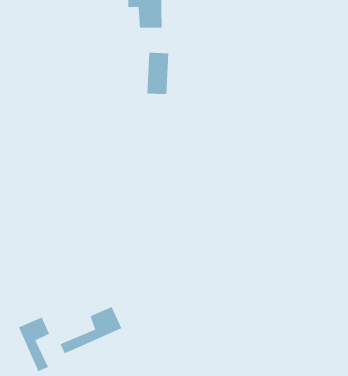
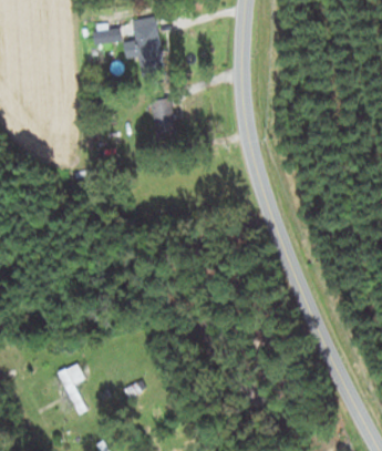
building: [60,306,122,354] -> none

